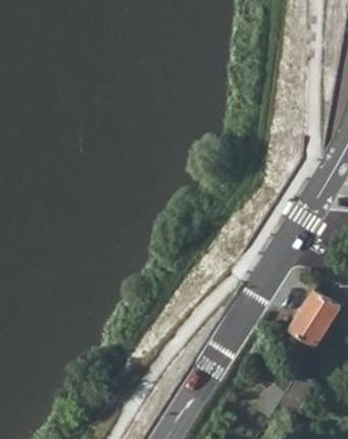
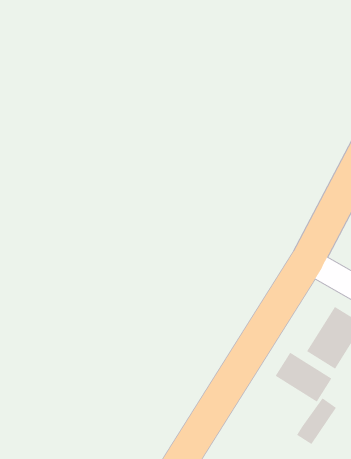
building: none -> [275,352,332,402]

